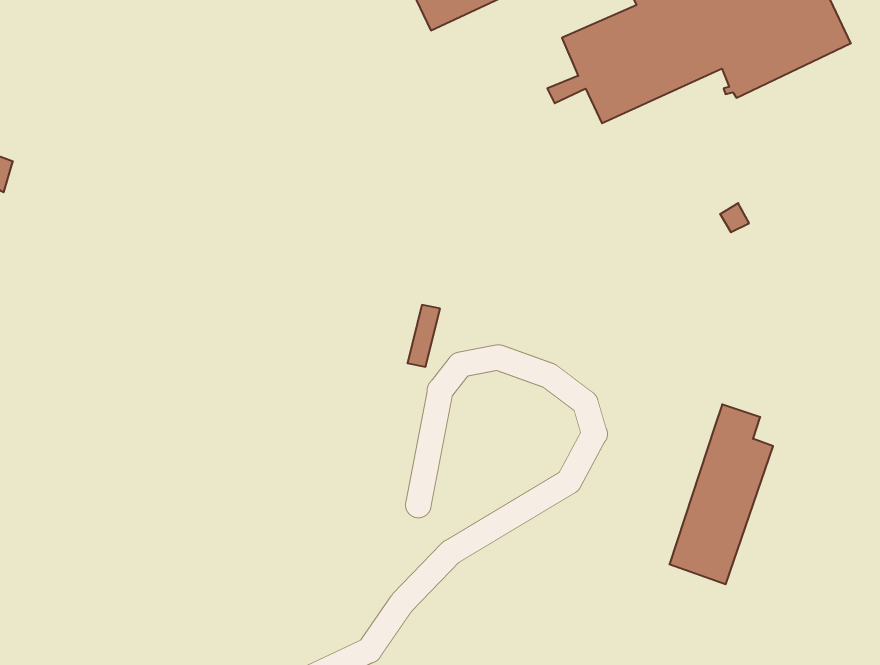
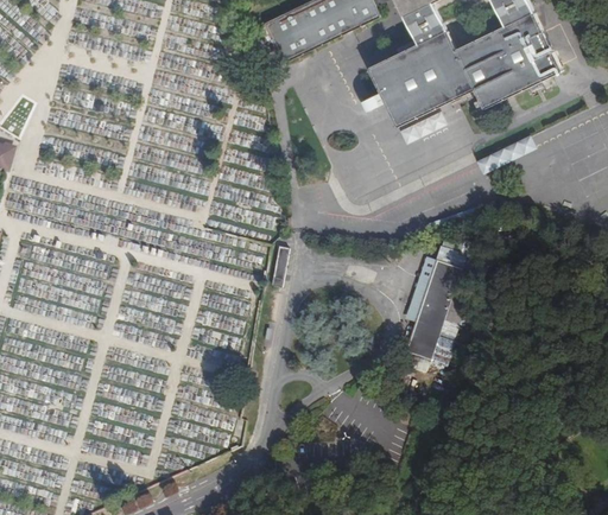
building: [669,404,773,584] -> [406,247,474,364]

